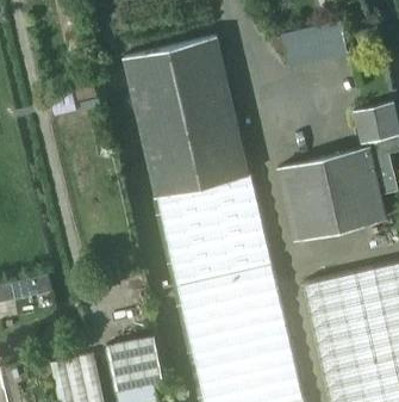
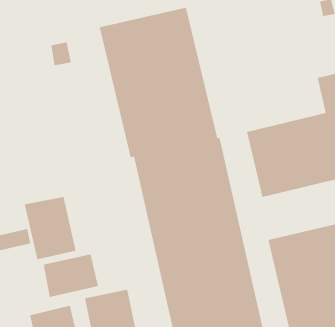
building: none -> [24,196,77,260]
building: none -> [43,253,99,298]

